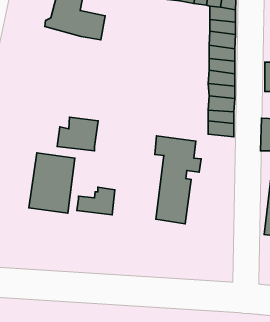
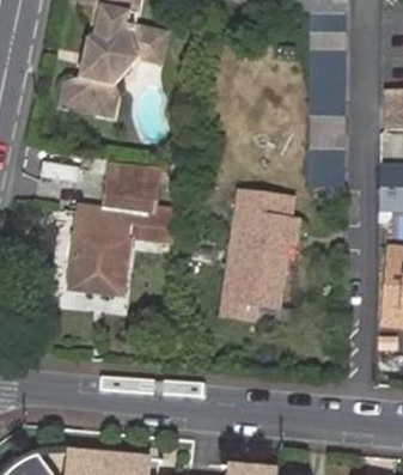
building: none -> [61,41,138,112]
building: [77,187,115,215] -> [127,202,178,239]

